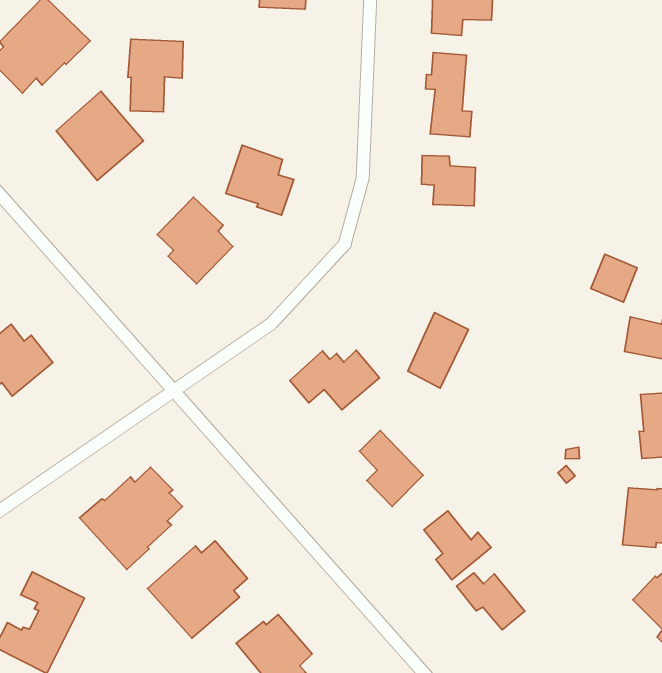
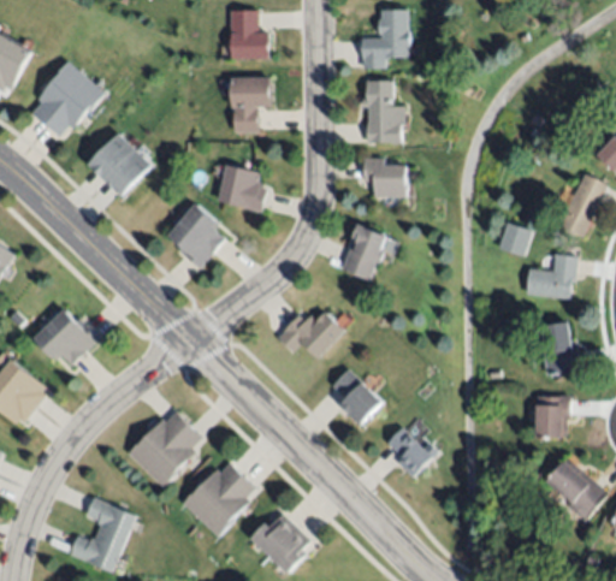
building: [128,39,183,112] -> [231,77,272,132]
building: [408,313,468,388] -> [343,223,386,279]
building: [457,573,525,630] -> none

